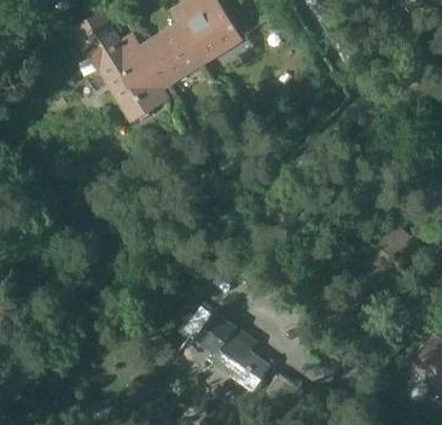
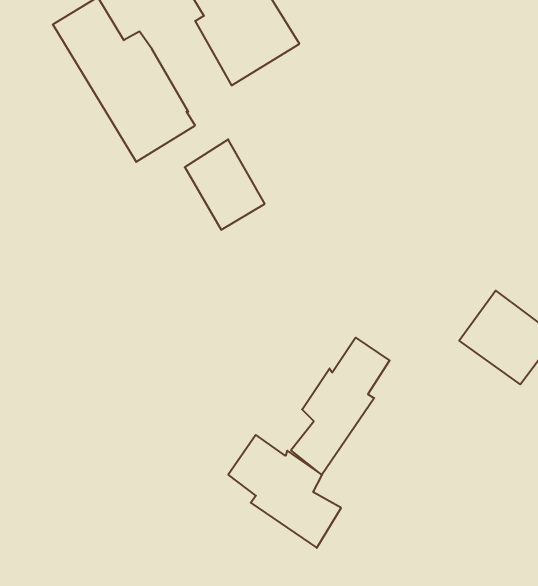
building: [139,25,194,88] -> [185,139,265,230]
building: none -> [291,338,390,475]

